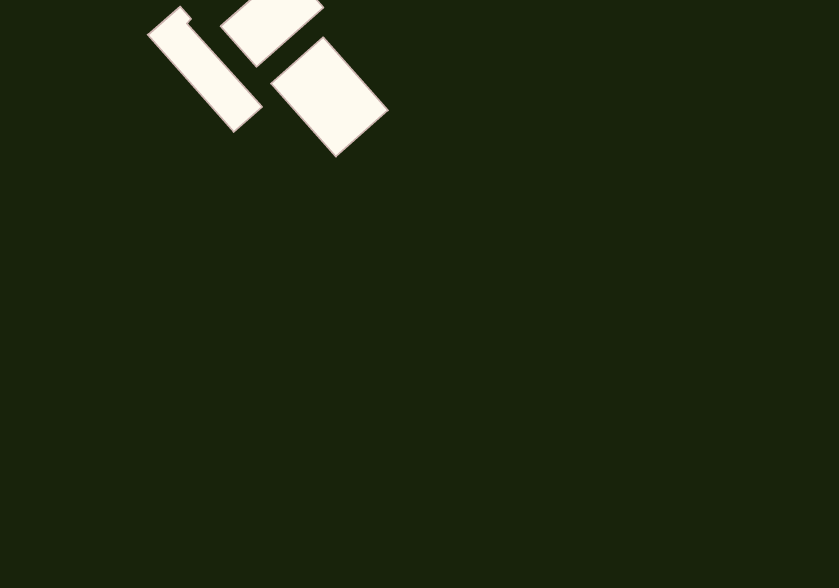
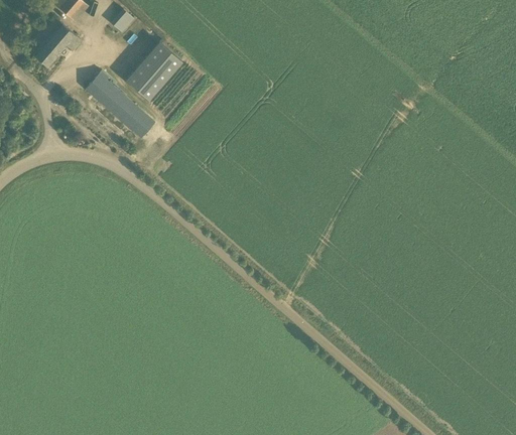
building: [271,37,388,157] -> none

